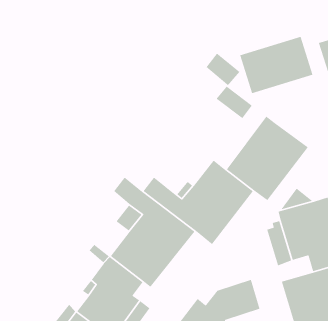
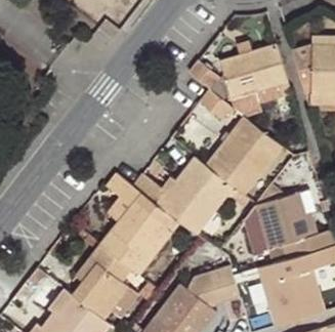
building: none -> [231,80,291,123]

